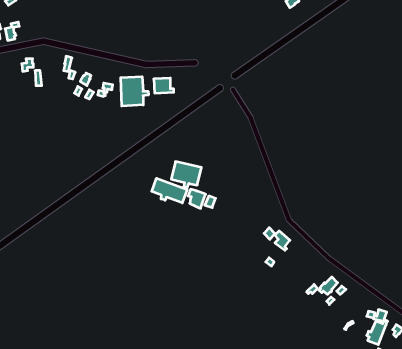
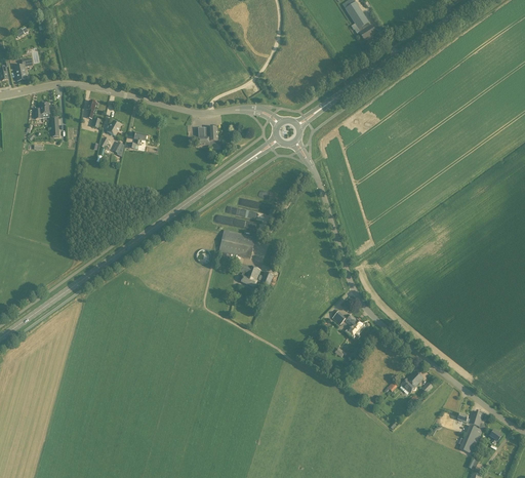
building: [121,77,148,106] -> none
building: [152,178,187,203] -> none

